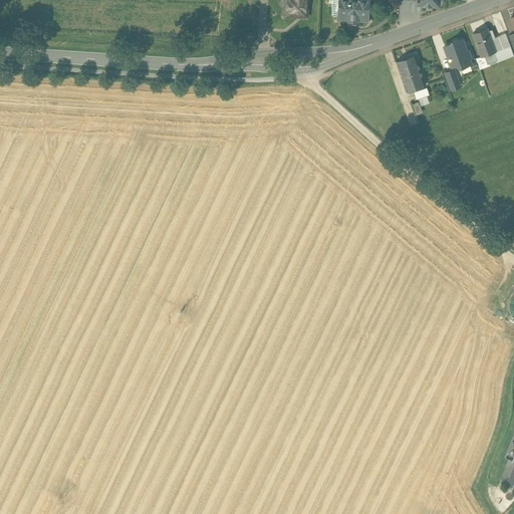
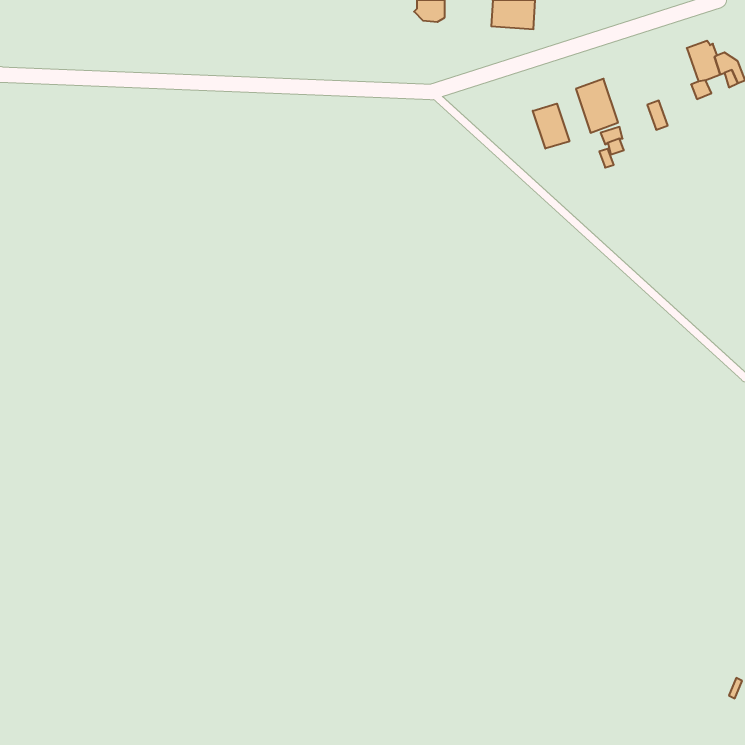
building: [444,39,470,66] -> none
building: none -> [533,104,569,149]

